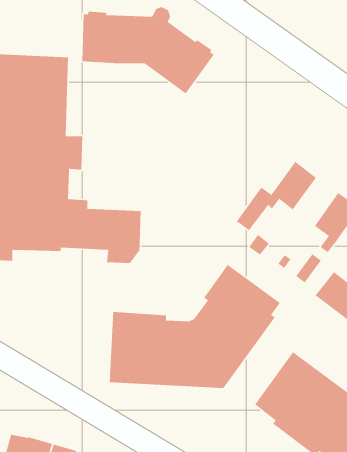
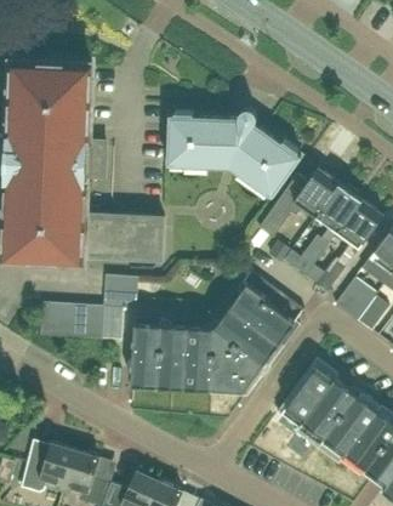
building: [82,6,215,95] -> [167,107,301,195]
building: none -> [315,181,363,244]
building: none -> [41,275,138,339]

